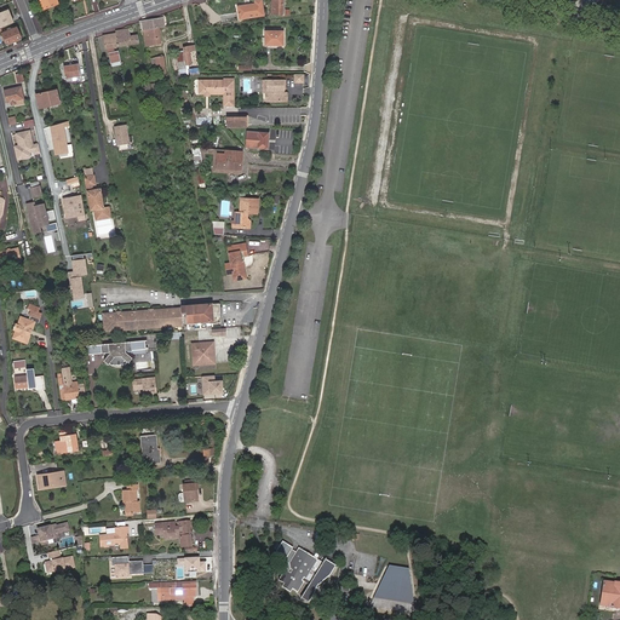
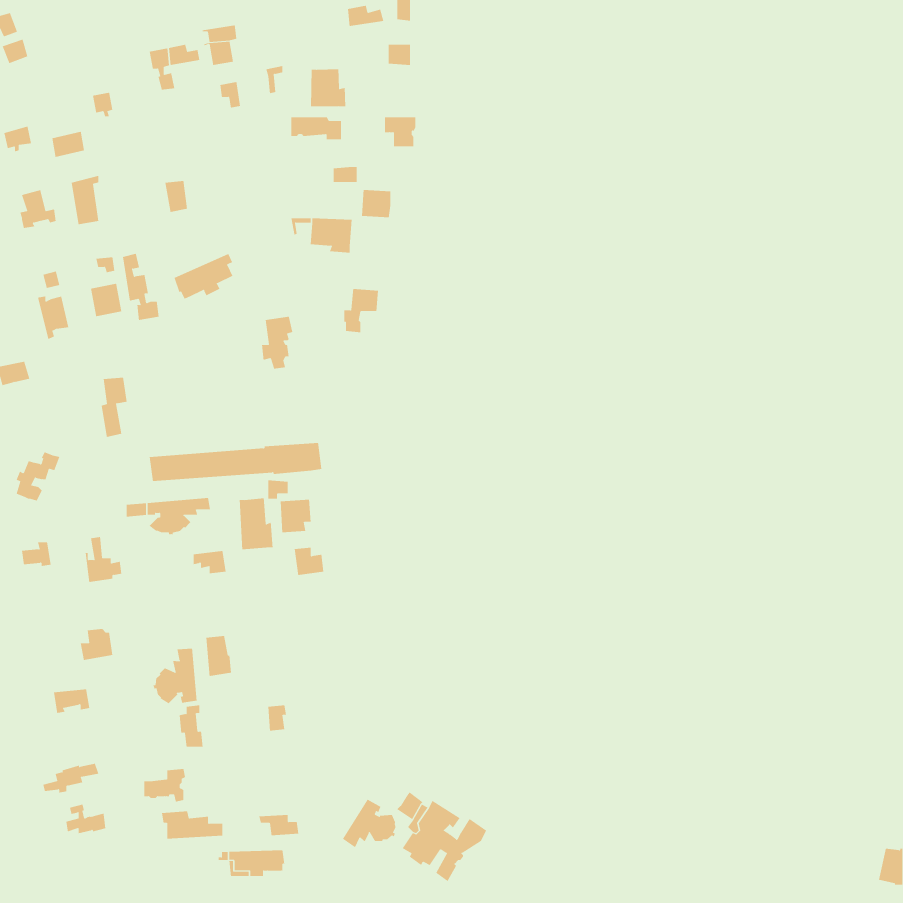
building: none -> [311,69,346,107]
building: none -> [174,253,233,300]
building: [225,243,247,280] -> [261,316,293,369]
building: none -> [239,497,273,550]
building: none -> [153,648,197,704]
building: [155,521,191,546] -> none
building: none -> [342,799,396,848]
building: [373,568,413,602] -> none

